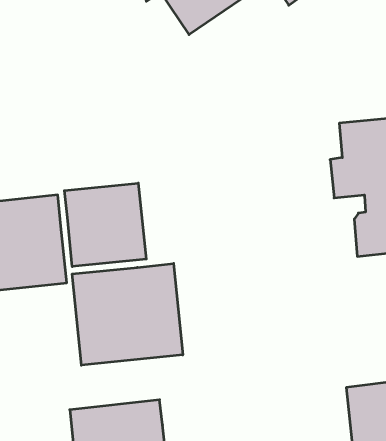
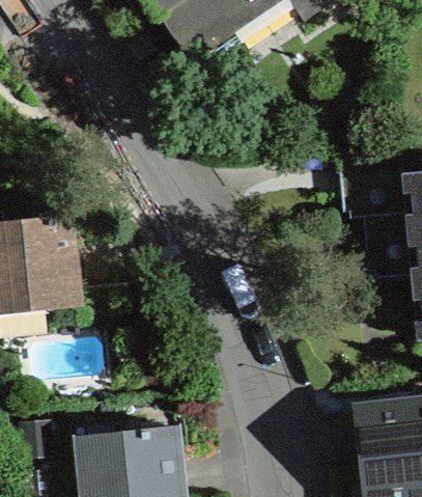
building: [64,183,146,267] -> none
building: [72,263,183,365] -> none

